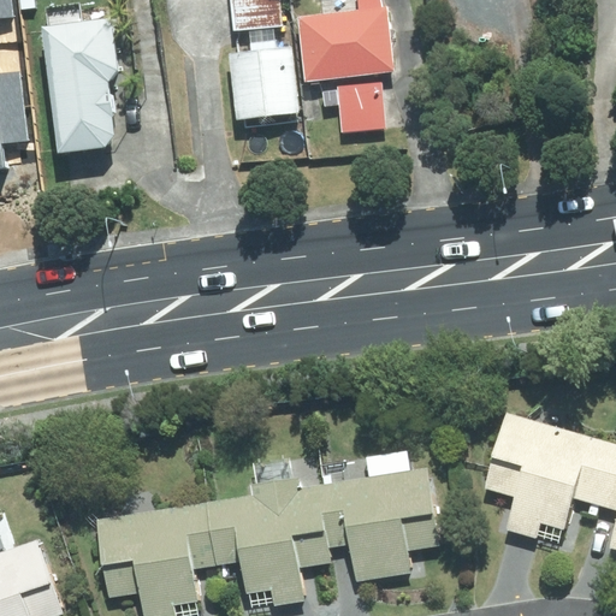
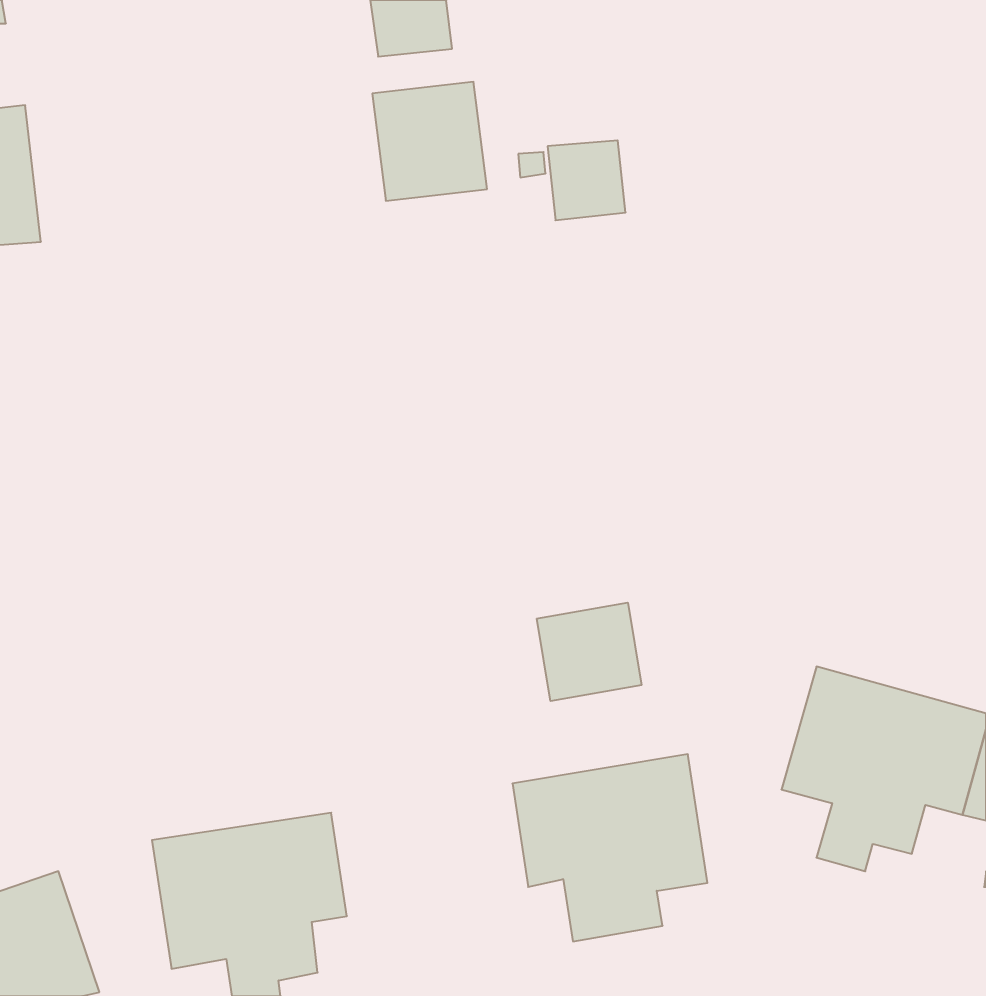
building: [298,8,397,87] -> none
building: [45,24,119,159] -> none
building: none -> [537,603,641,701]
building: [205,478,328,605] -> none

